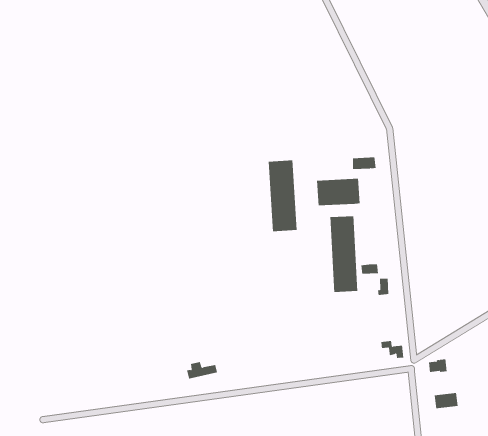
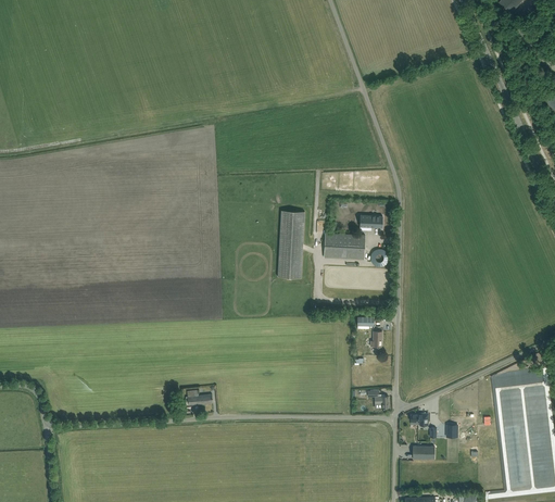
building: [330,215,358,293] -> none

